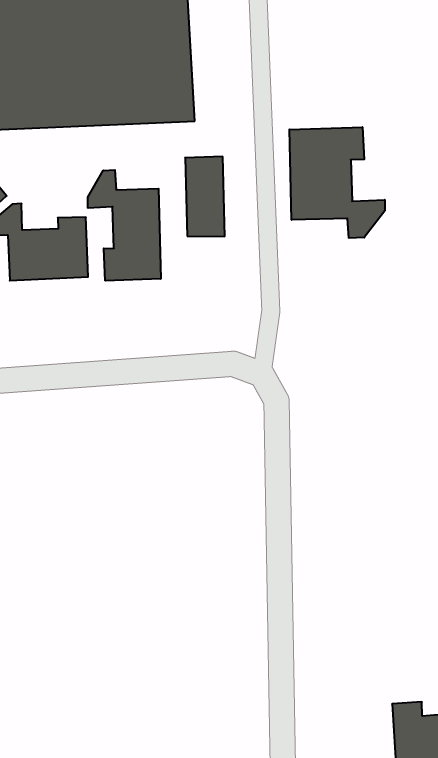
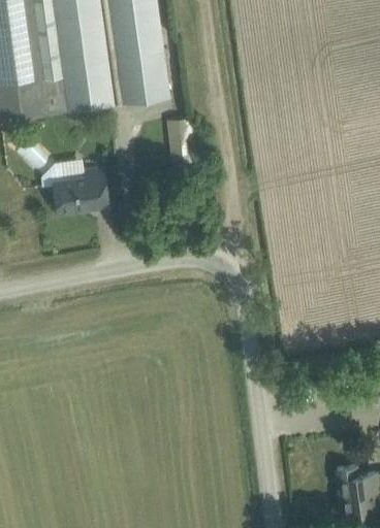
building: [289,127,385,238] -> none
building: [88,170,161,281] -> none

